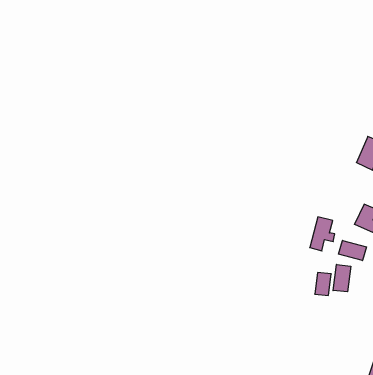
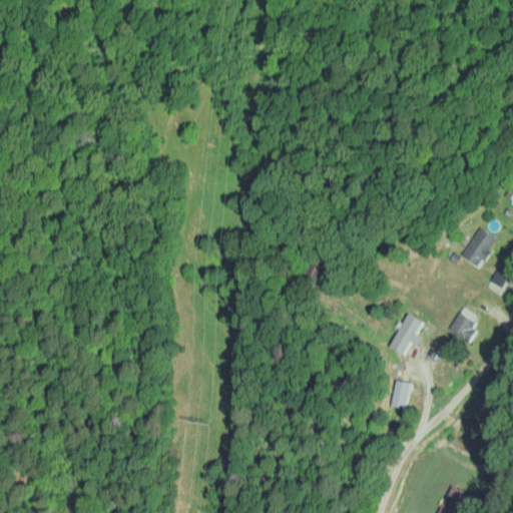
building: [338,240,367,261] -> none
building: [333,264,351,292] -> none

